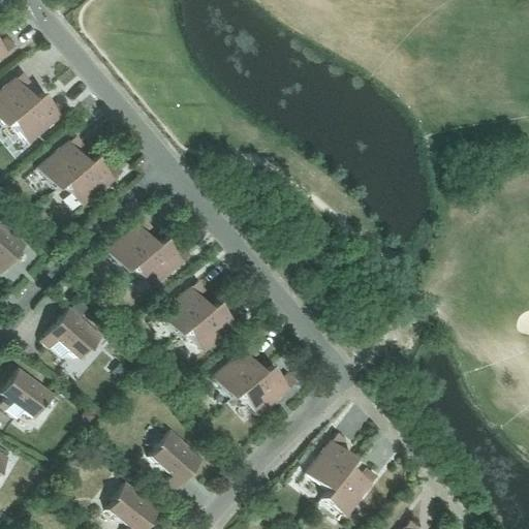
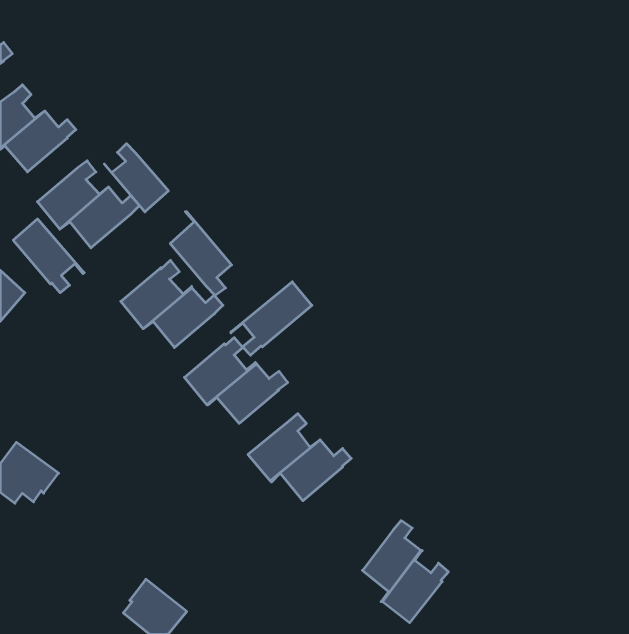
building: none -> [104,144,168,212]
building: none -> [170,212,232,296]
building: none -> [13,219,84,293]
building: none -> [231,282,312,355]
building: [42,306,103,357] -> none
building: [151,429,204,490] -> none

